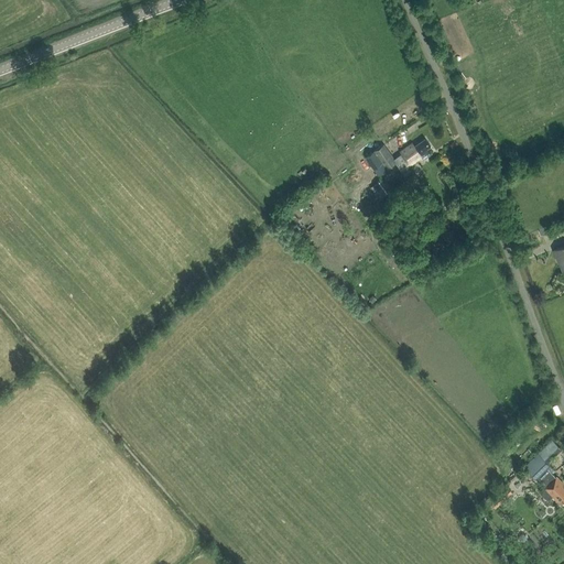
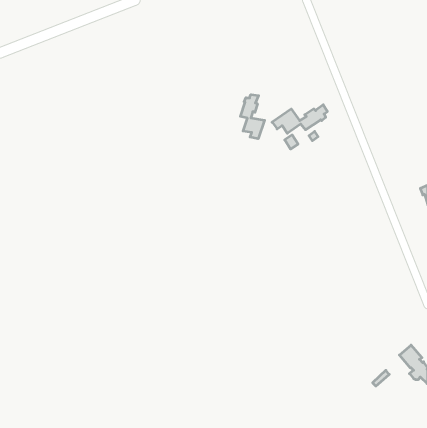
building: none -> [240,95,265,139]

